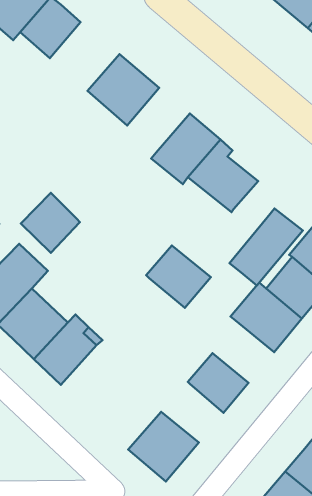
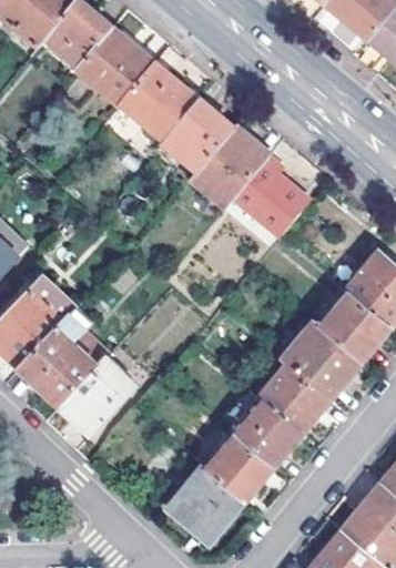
building: none -> [77,29,156,108]
building: none -> [164,102,235,174]
building: [21,193,80,253] -> none
building: [230,208,303,286] -> none
building: [146,245,211,308] -> [257,362,329,432]
building: none -> [207,433,273,498]

